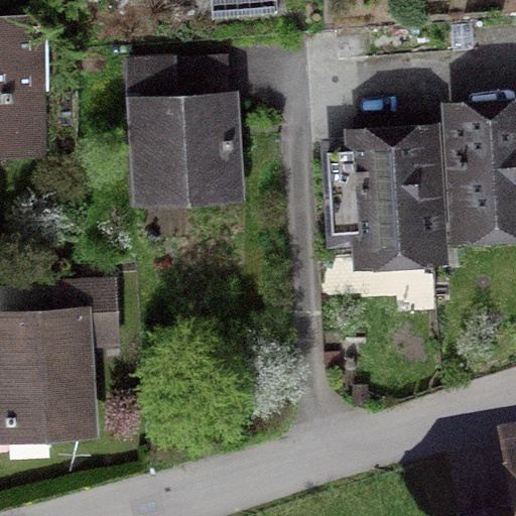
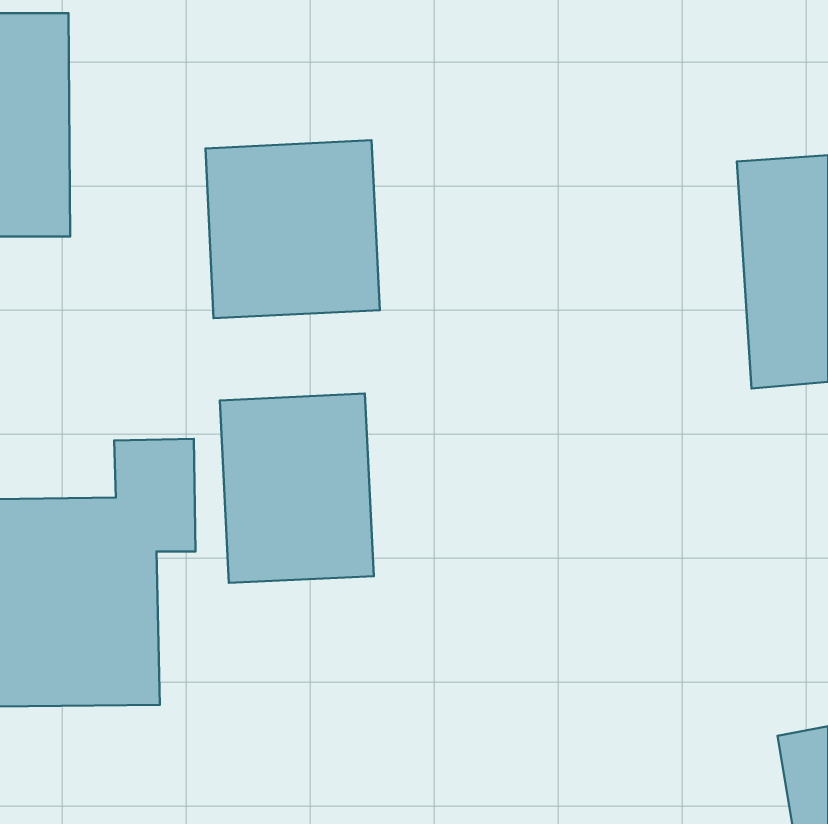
building: [356,129,447,271] -> none
building: none -> [220,394,374,583]

